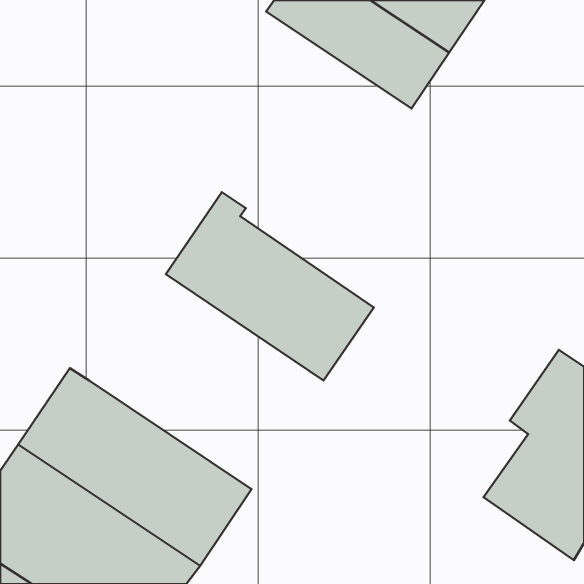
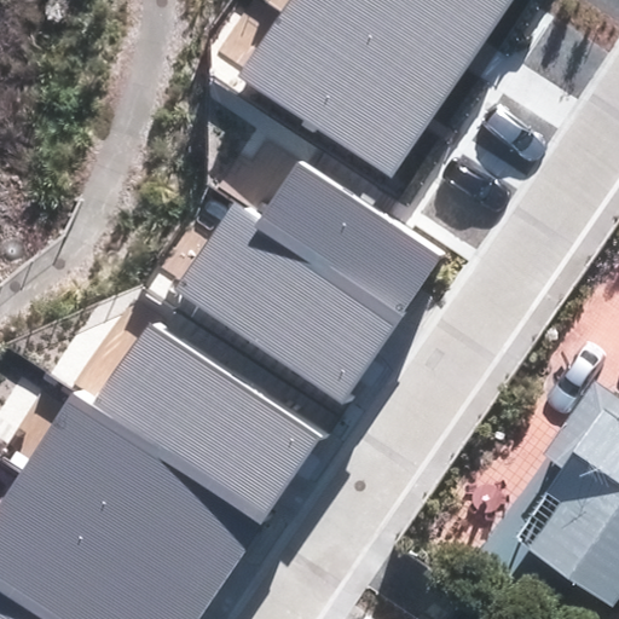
building: none -> [238,12,435,179]
building: none -> [254,162,441,325]
building: none -> [94,323,319,517]

